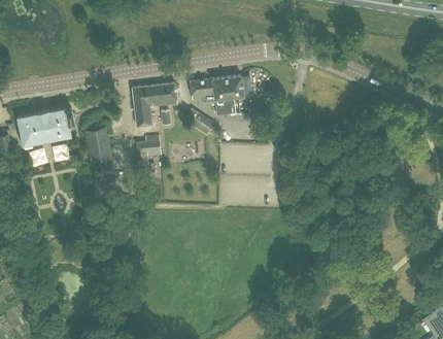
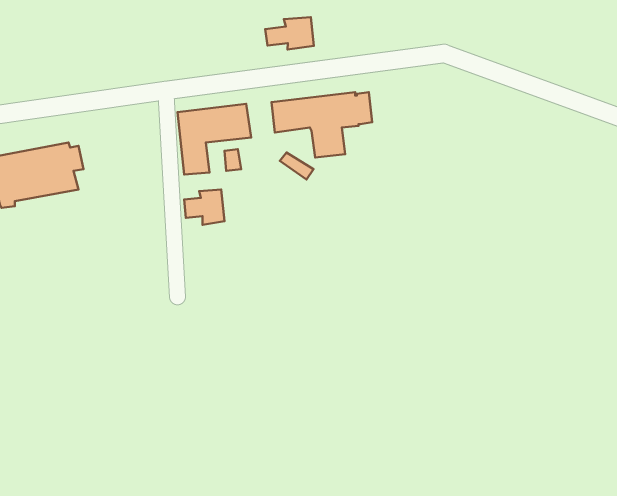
building: none -> [265,17,314,49]
building: [83,128,111,165] -> none

